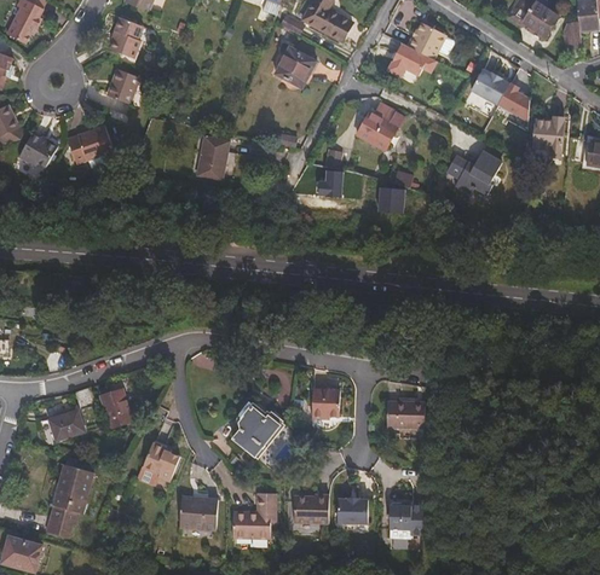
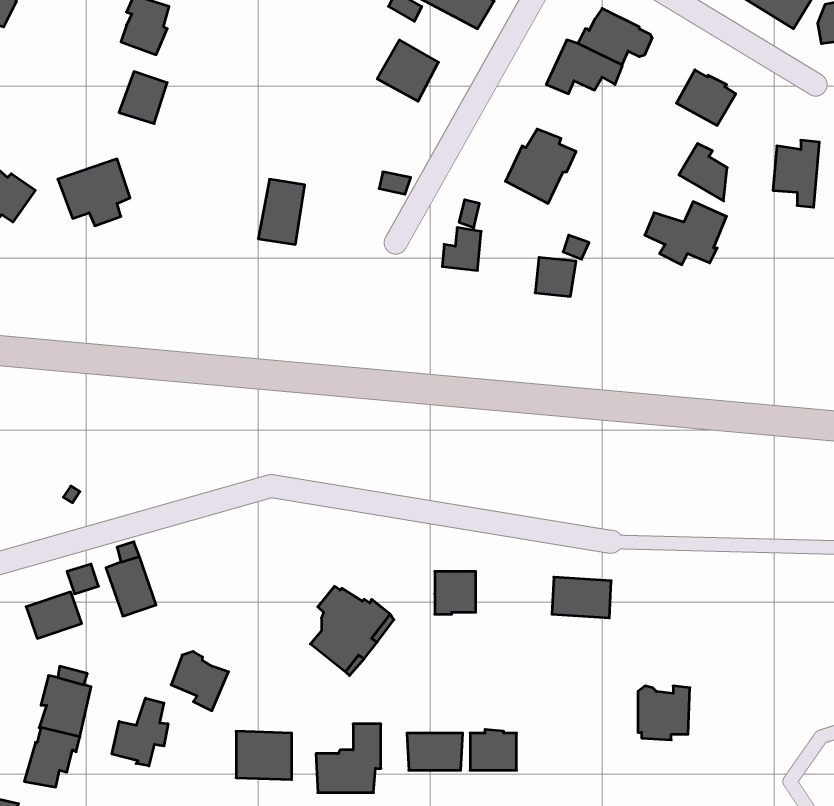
building: [497,81,529,118] -> [679,143,727,201]
building: none -> [112,698,168,766]
building: [390,499,423,534] -> [638,686,690,740]

